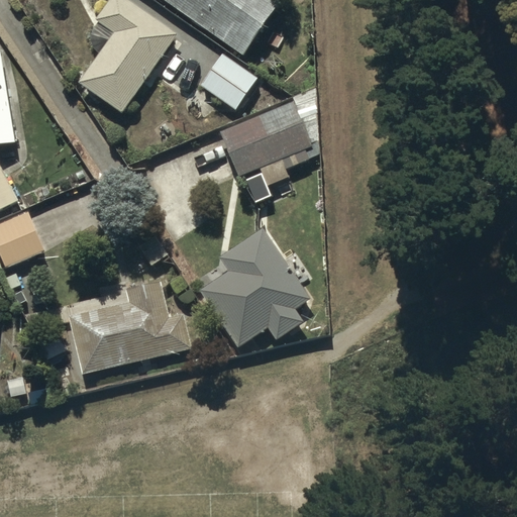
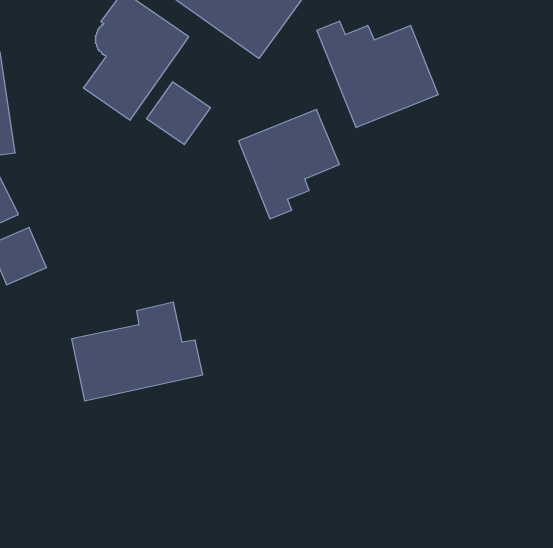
building: none -> [317,21,438,128]
building: [199,50,258,109] -> [146,82,210,145]
building: [200,227,310,345] -> none

